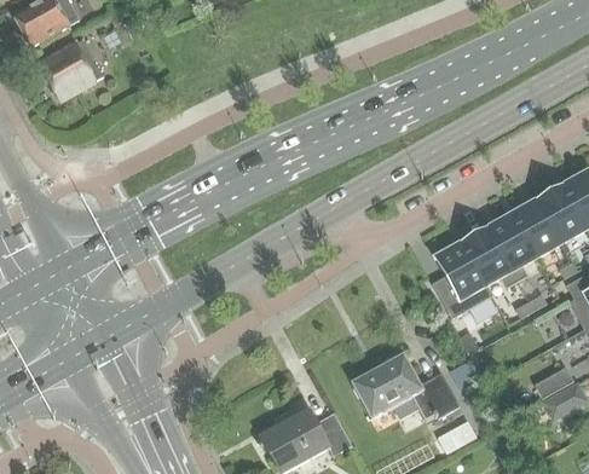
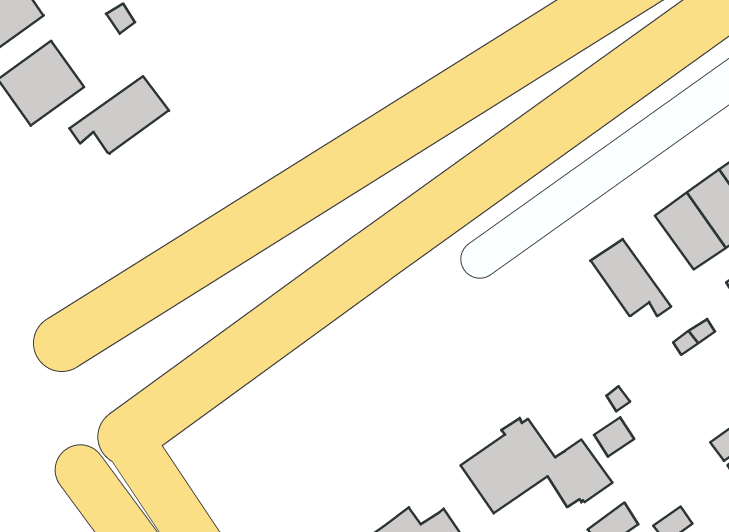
building: none -> [69,76,169,154]
building: [486,213,536,281] -> none
building: [432,241,492,317] -> none

